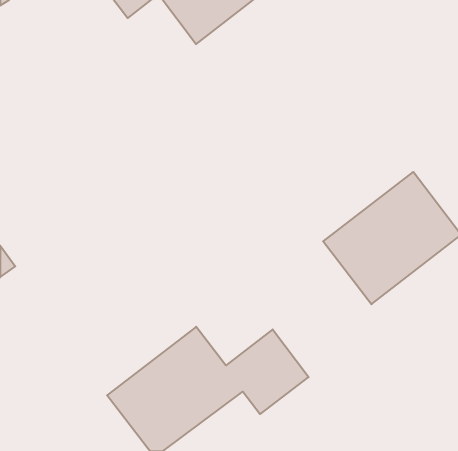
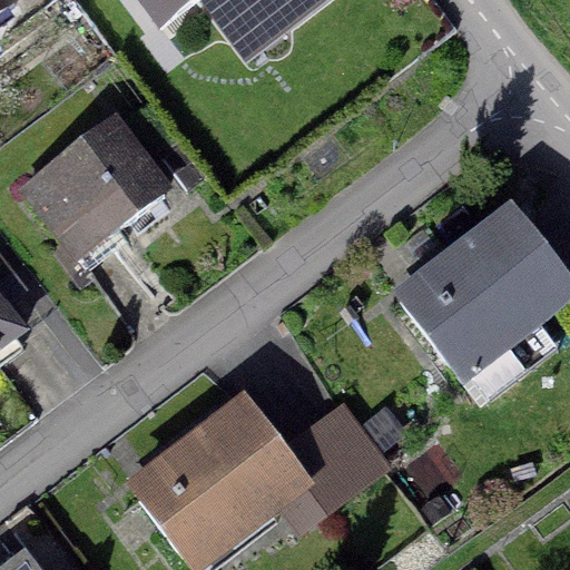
building: none -> [24,121,165,257]

